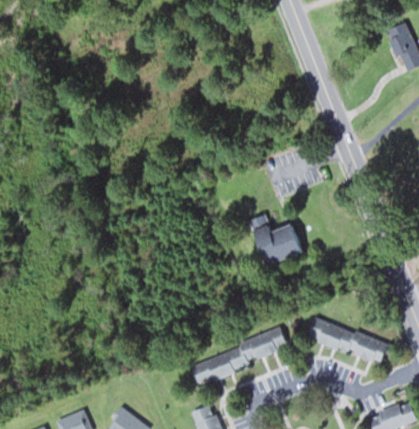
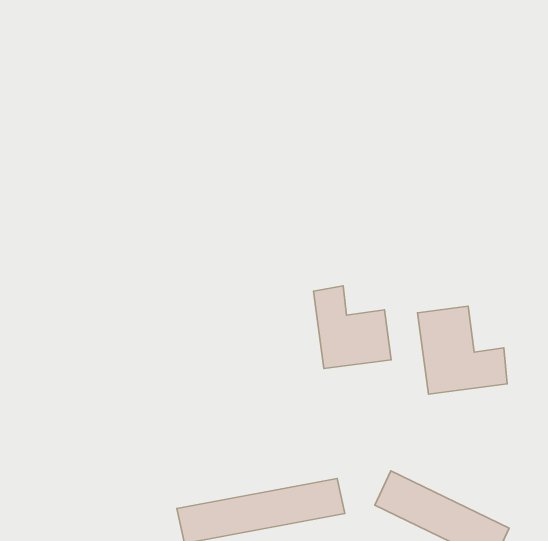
building: none -> [417,306,507,394]

